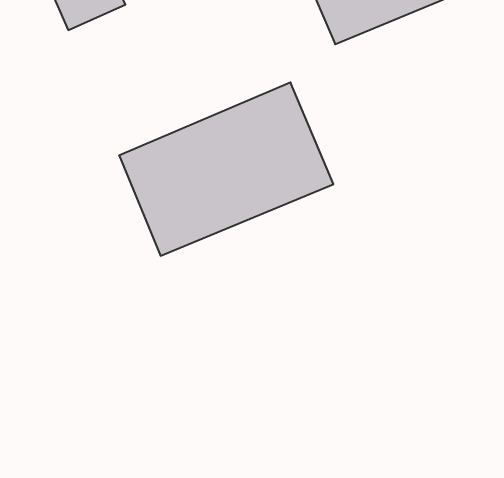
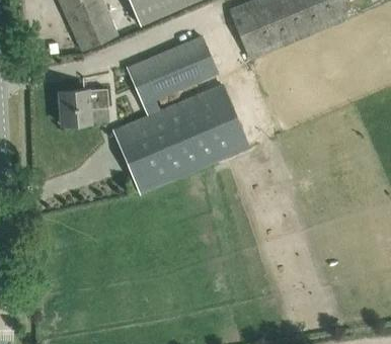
building: none -> [115,35,218,109]
building: none -> [60,88,108,124]

